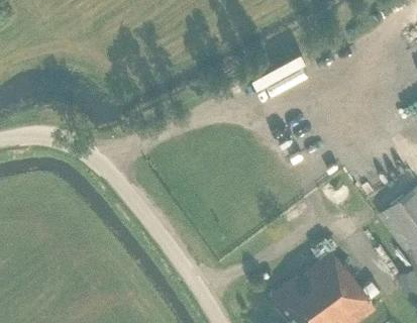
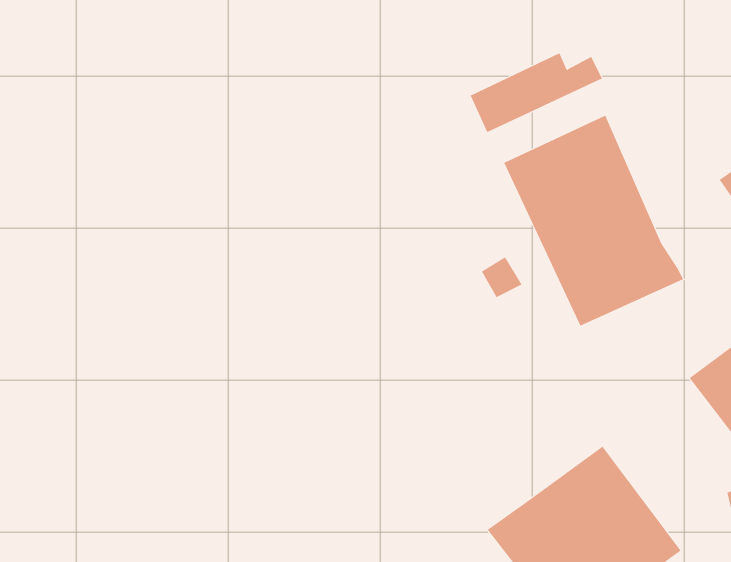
building: none -> [504,115,684,327]

